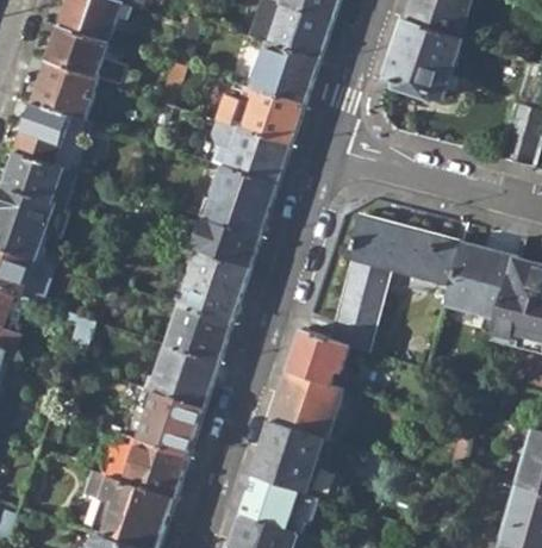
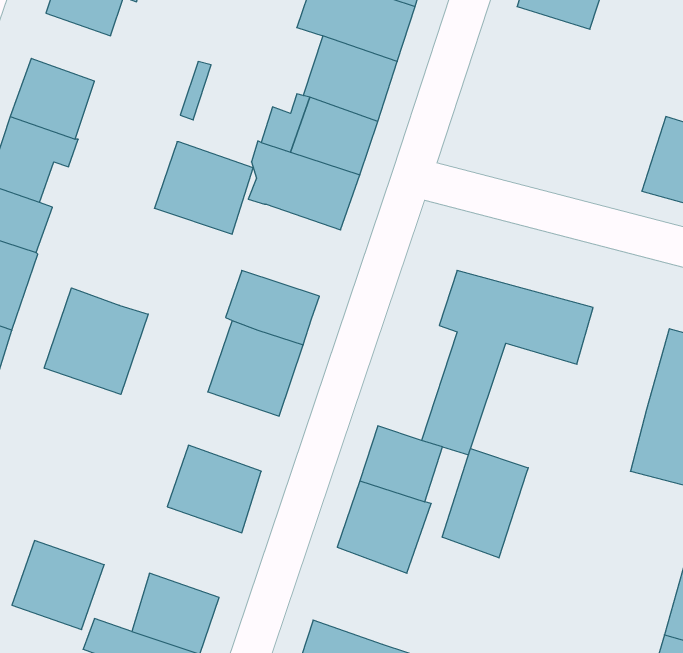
building: [386,20,460,95] -> none
building: [48,25,118,80] -> none
building: [203,166,275,233] -> [154,142,253,234]
building: none -> [44,288,148,394]
building: [444,242,517,317] -> none
building: [163,304,230,362] -> none
building: none -> [442,449,528,558]
building: [135,390,203,455] -> [12,541,104,630]
building: [255,418,324,490] -> none

